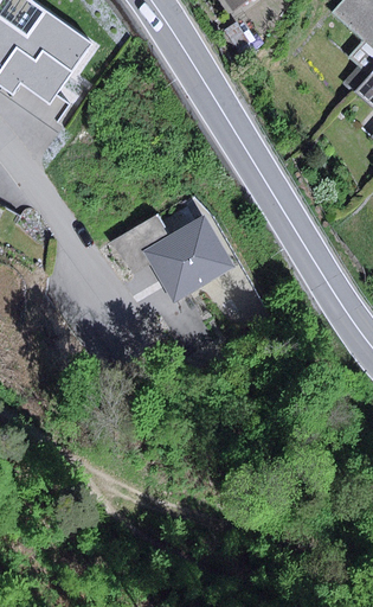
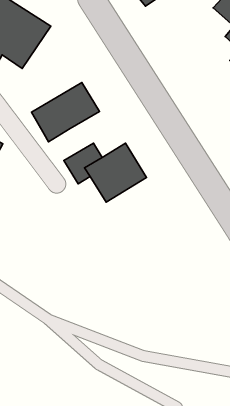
building: none -> [32,82,99,142]

